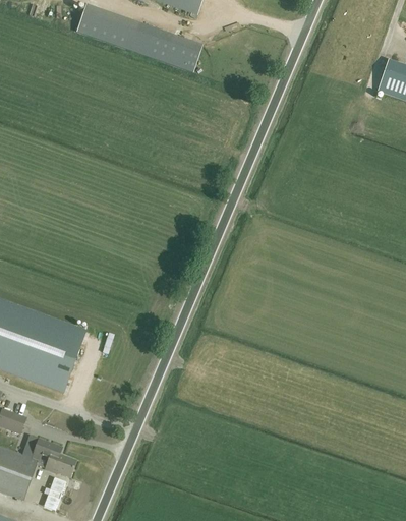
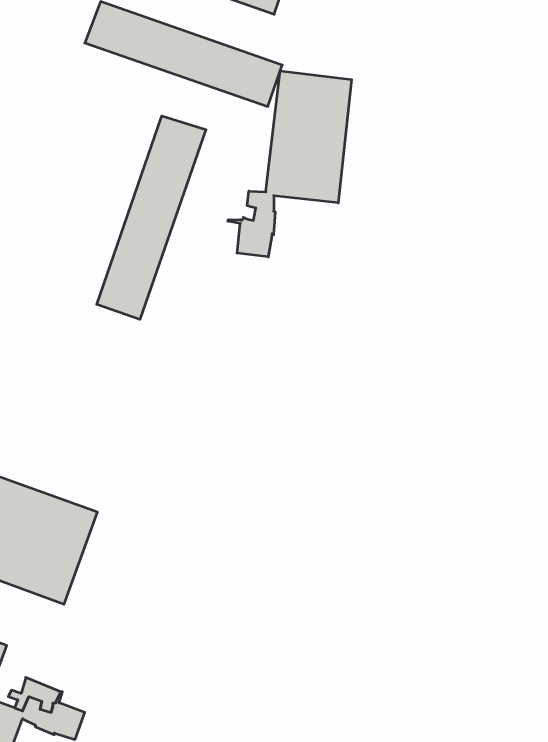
building: none -> [228,71,352,257]
building: none -> [97,116,206,319]

